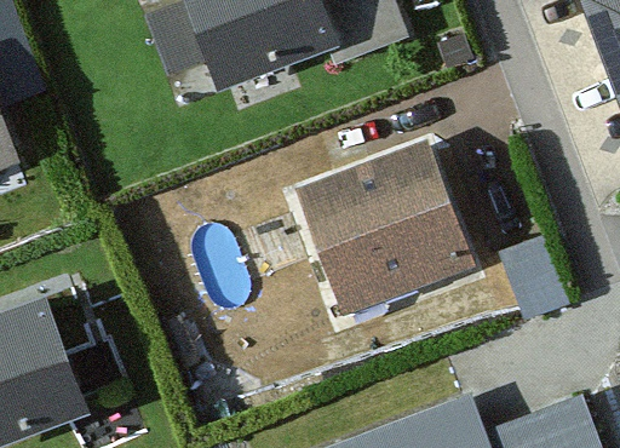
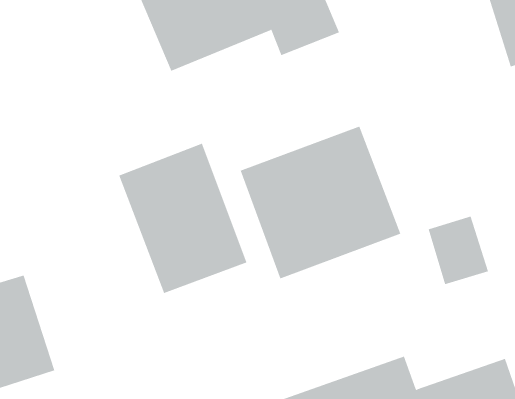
building: none -> [119,143,247,294]

